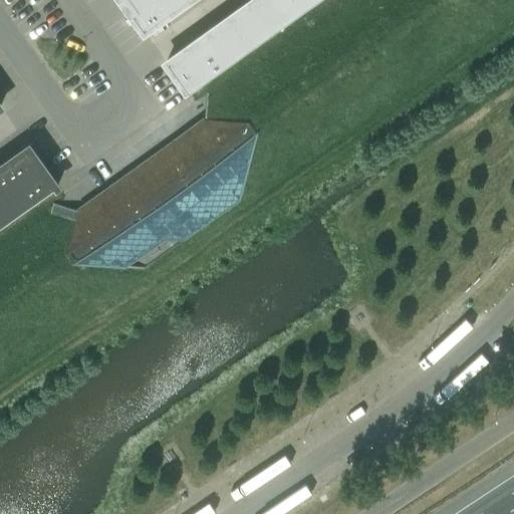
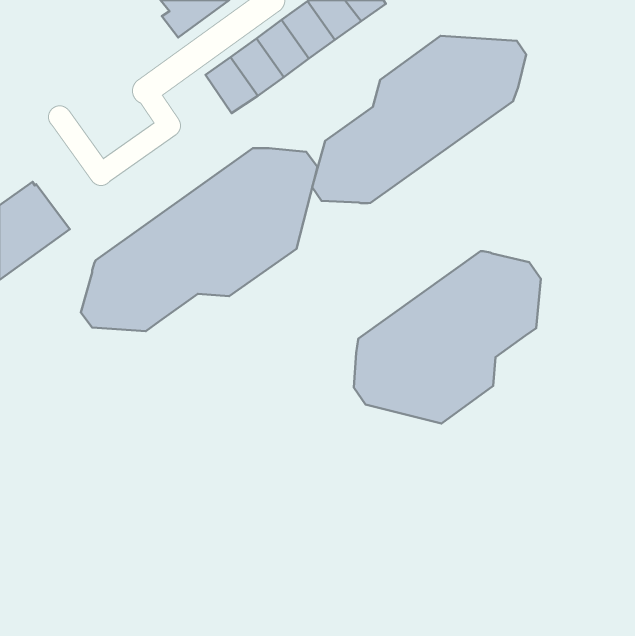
building: none -> [312,36,526,203]
building: none -> [354,251,541,424]

